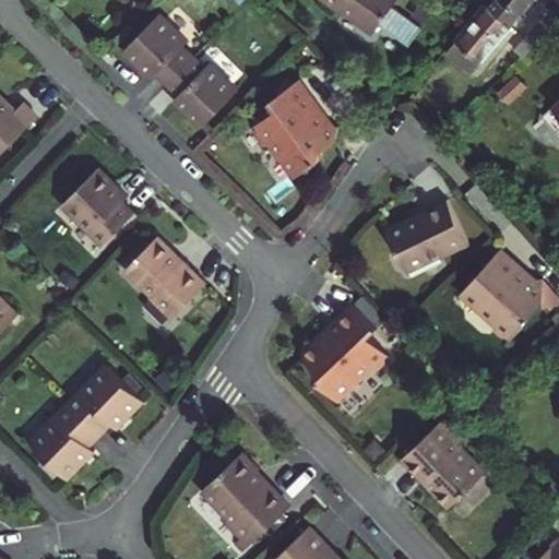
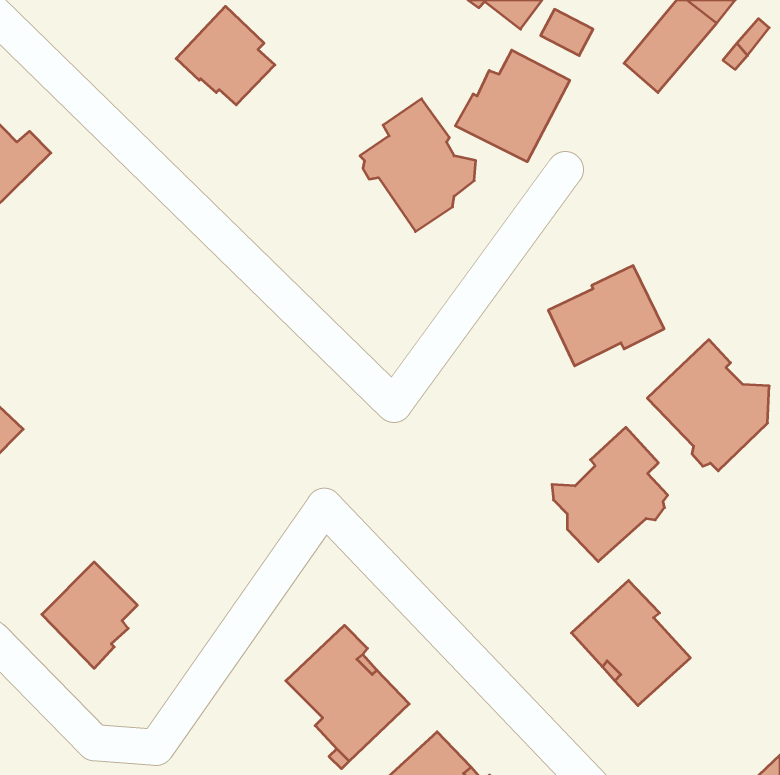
building: none -> [455,50,570,162]
building: [167,56,236,124] -> none
building: [59,168,132,246] -> none
building: [126,238,206,321] -> none
building: [300,302,382,397] -> [552,427,668,562]
building: [67,368,143,438] -> none

